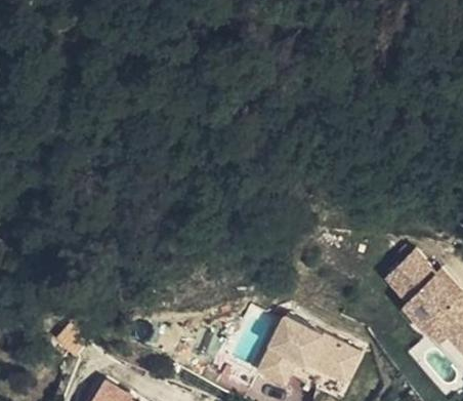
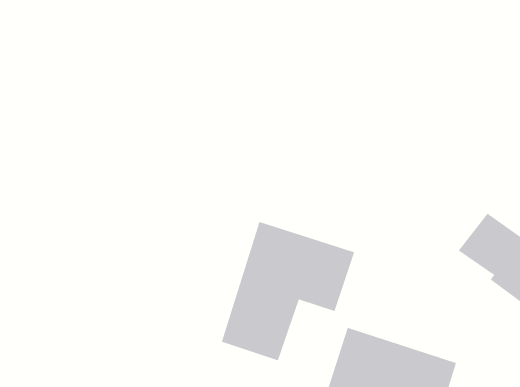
building: none -> [221,221,355,361]

